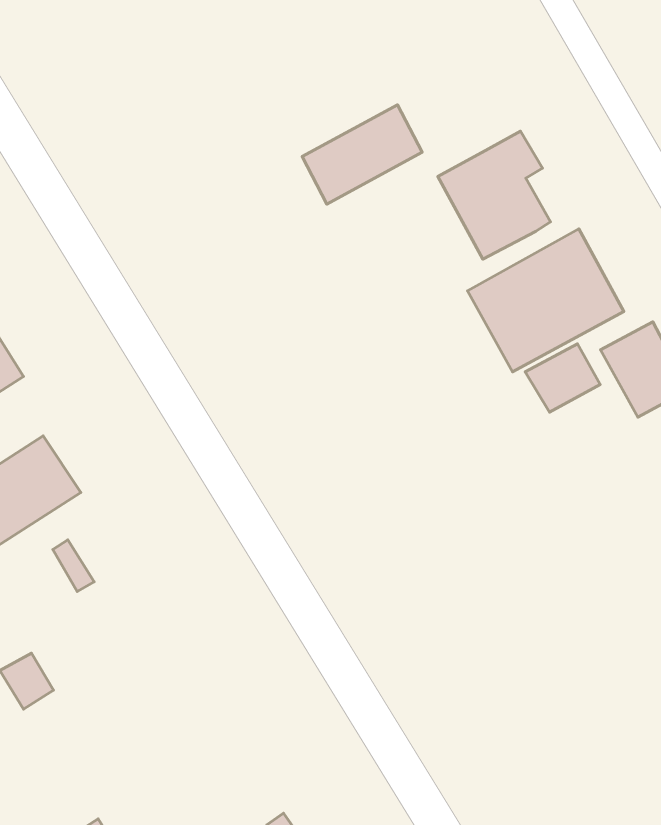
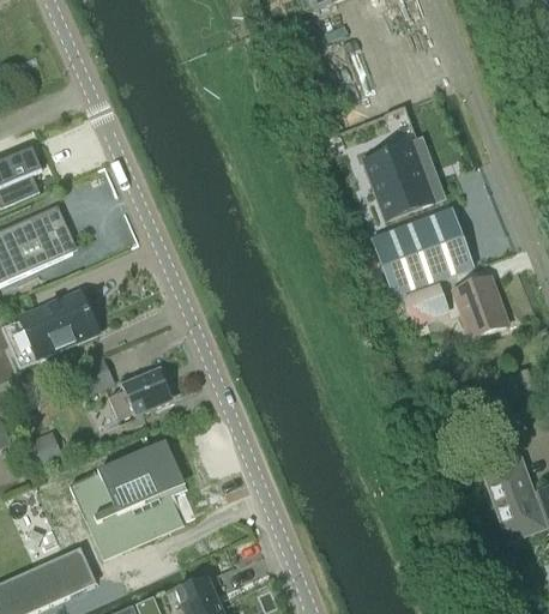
building: [302,105,422,204] -> none
building: none -> [109,368,171,420]
building: none -> [68,439,198,543]

